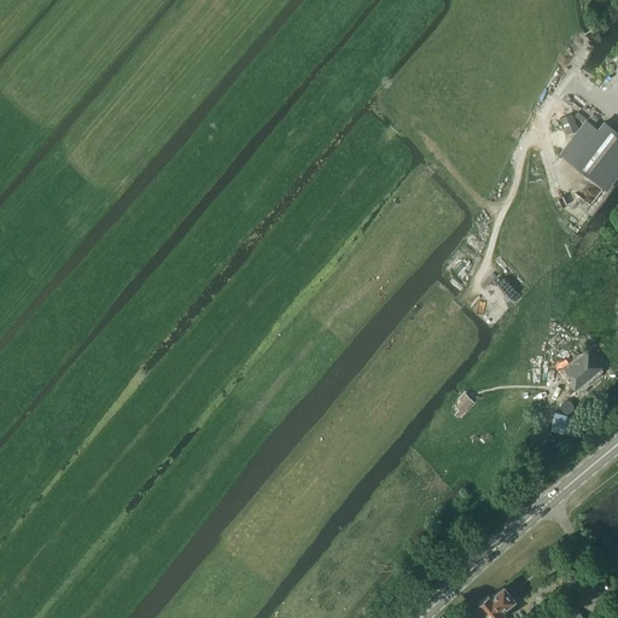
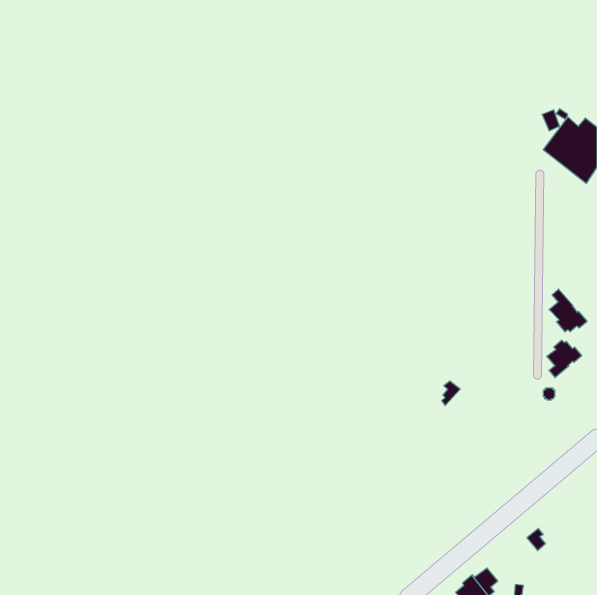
building: none -> [549,289,587,332]

